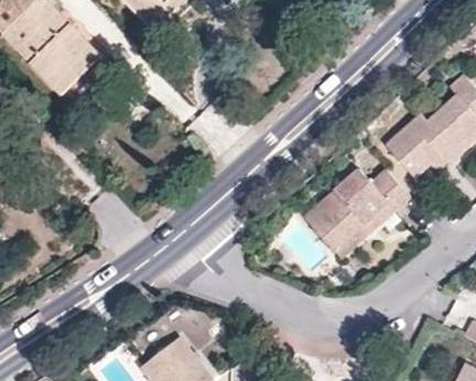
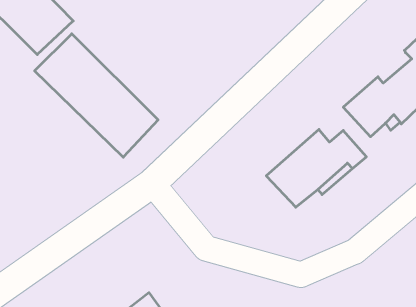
building: none -> [35,34,158,157]

